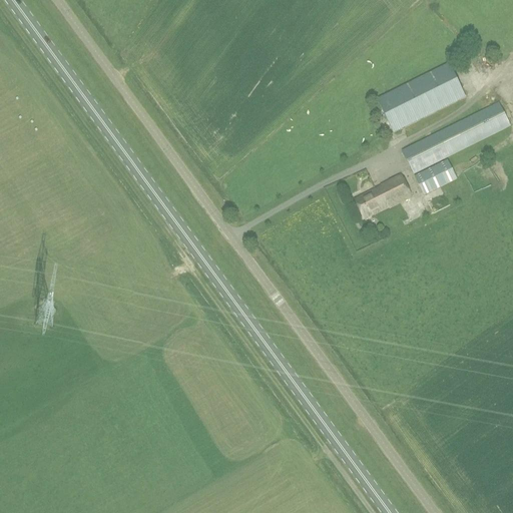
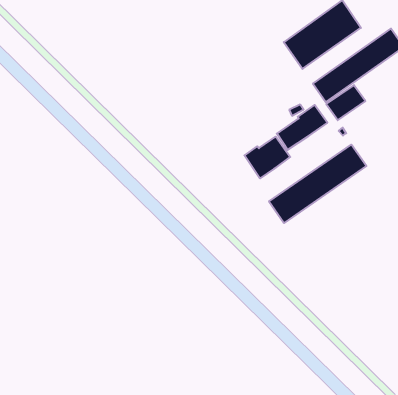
building: none -> [244,137,290,178]
building: none -> [269,145,366,223]

